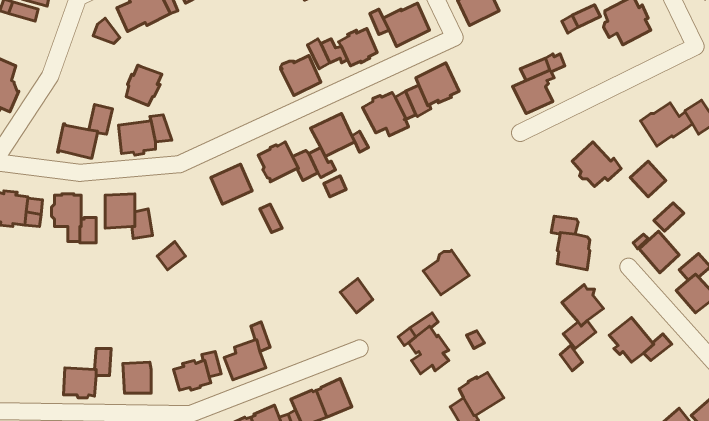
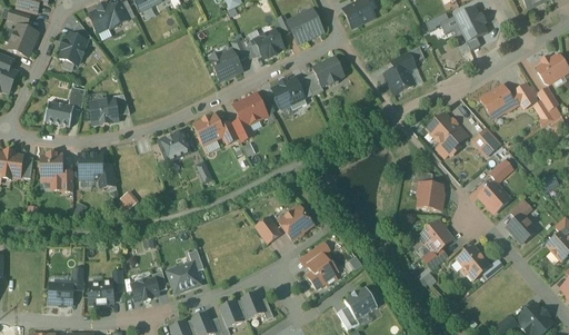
building: none -> [9,24,38,56]
building: [126,65,162,105] -> [60,33,87,63]
building: [423,250,469,295] -> [279,205,313,238]

